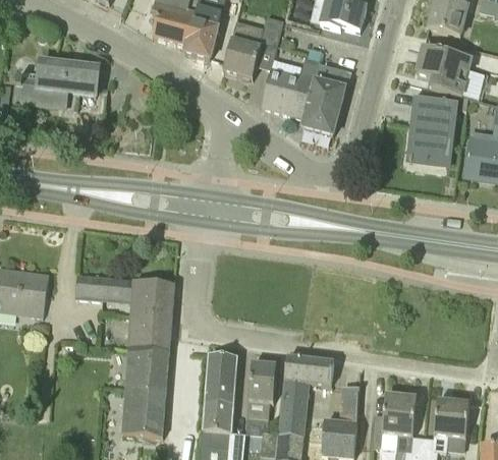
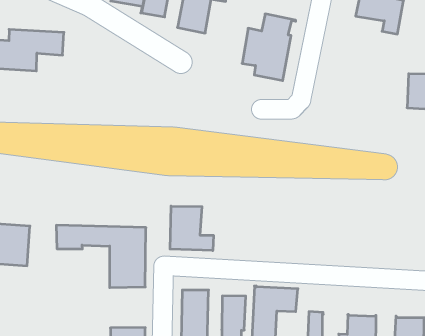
building: [262,69,299,114] -> none
building: [412,97,453,164] -> none
building: none -> [170,206,213,251]
building: [128,346,169,392] -> none

